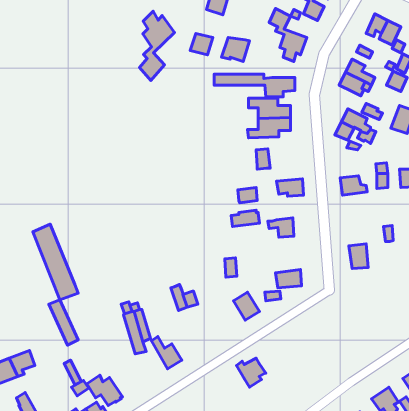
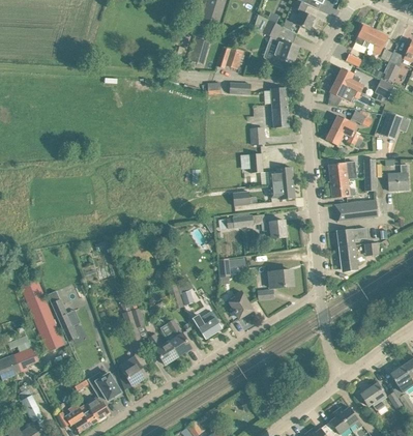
building: [139,11,175,81] -> none
building: none -> [328,161,357,181]
building: none -> [260,167,294,185]
building: none -> [334,200,378,221]
building: [33,224,78,300] -> [21,279,64,351]
building: none -> [336,227,366,246]
building: none -> [167,320,191,356]
building: [237,358,266,387] -> [193,311,220,339]
building: none -> [120,356,146,385]

